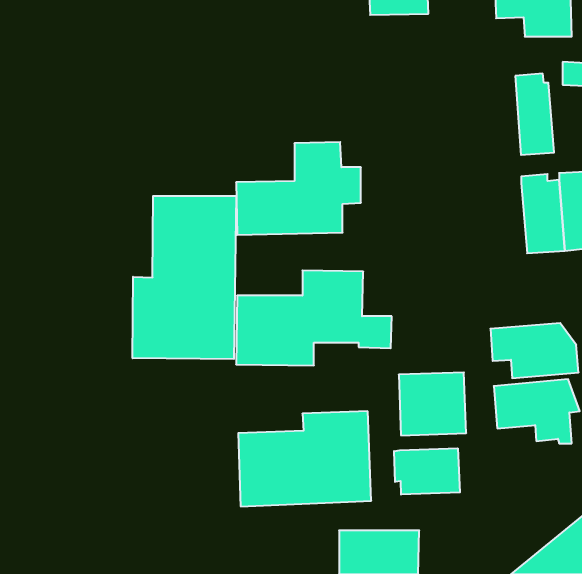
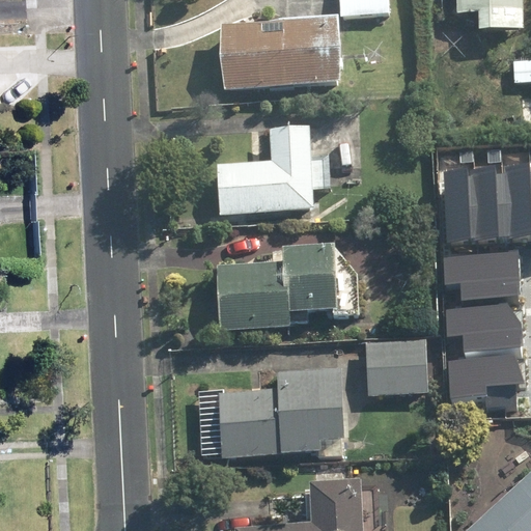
building: none -> [218,15,337,89]
building: [515,74,554,155] -> [445,158,480,231]
building: [133,196,236,359] -> none
building: none -> [446,241,524,290]
building: [394,448,460,495] -> none

